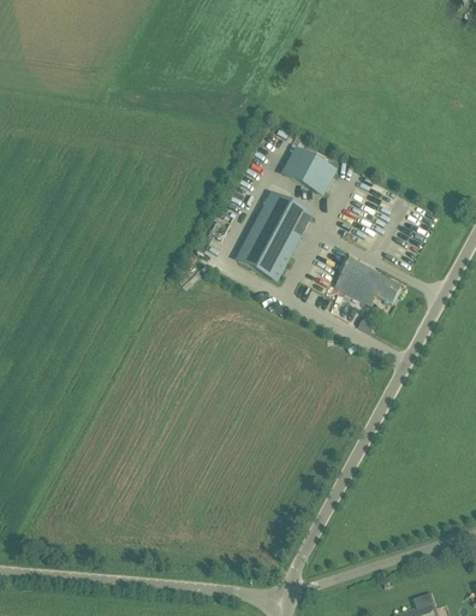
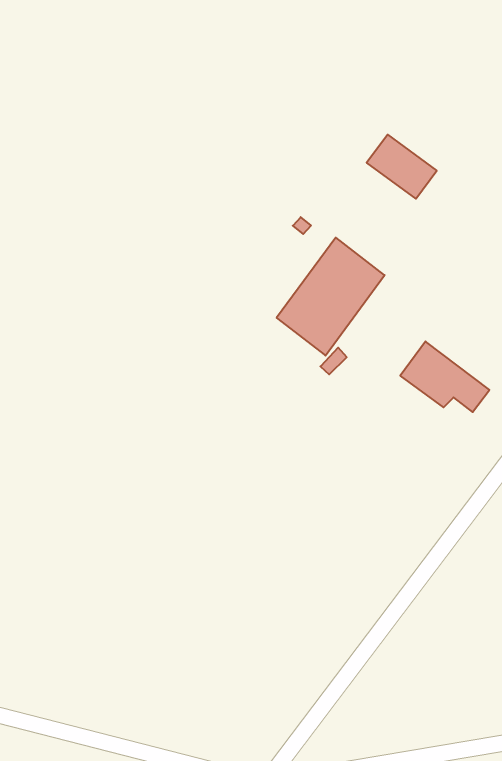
building: [284,148,335,191] -> [367,135,437,199]

